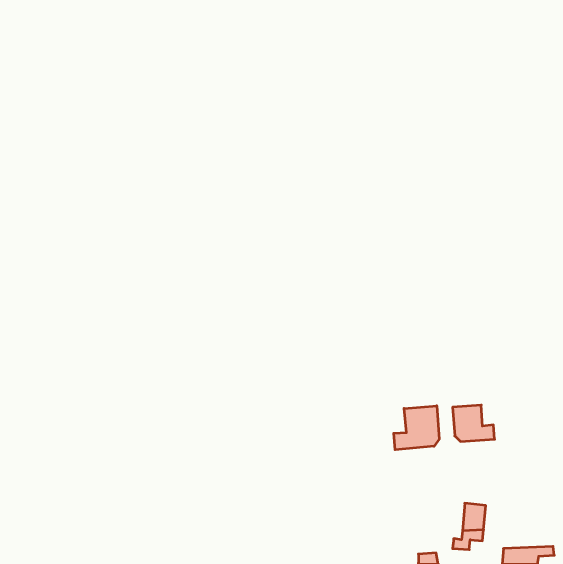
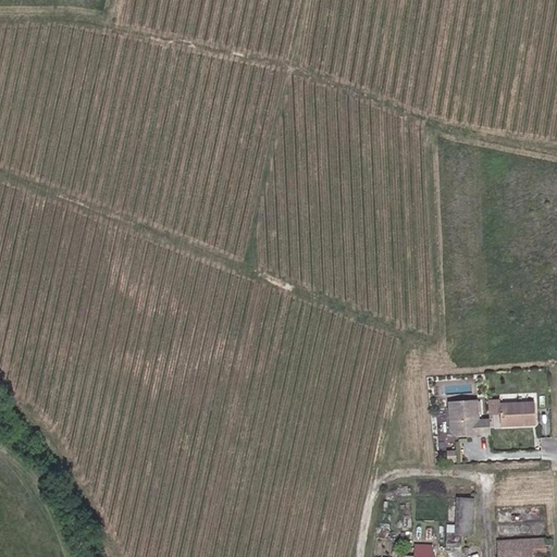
building: [394,406,439,450] -> none
building: none -> [497,400,533,424]

